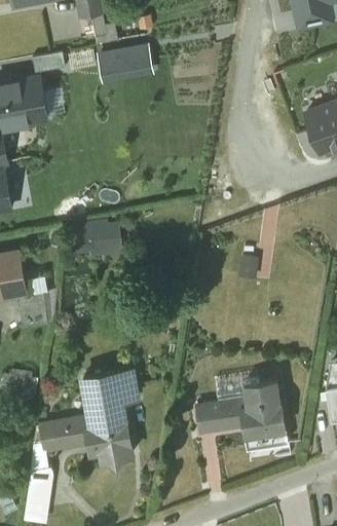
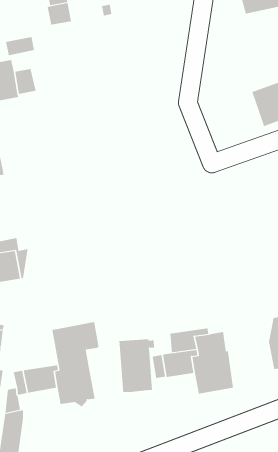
building: [97,45,153,84] -> none
building: [67,225,121,257] -> none
building: none -> [119,338,155,393]

